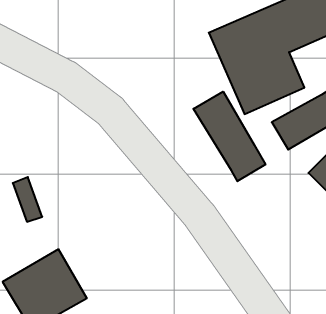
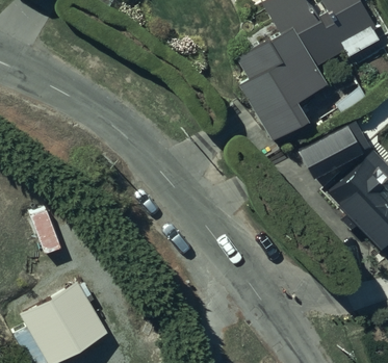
building: [193,92,265,181] -> none

